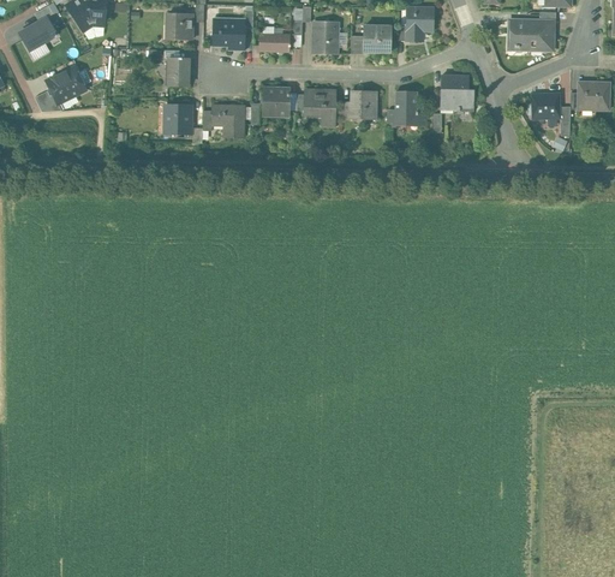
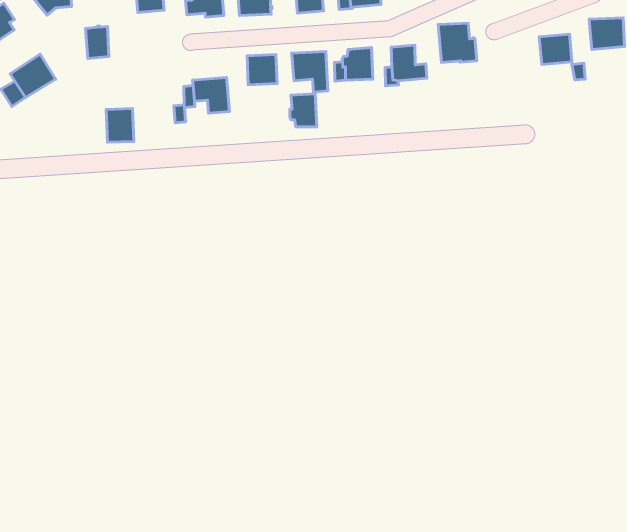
building: [168,56,189,85] -> [85,26,109,58]
building: [165,103,190,135] -> [106,109,134,142]
building: none -> [290,94,317,127]

